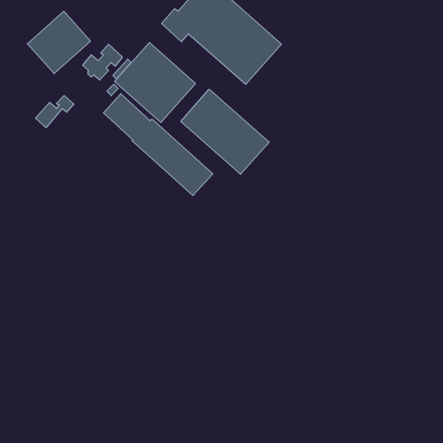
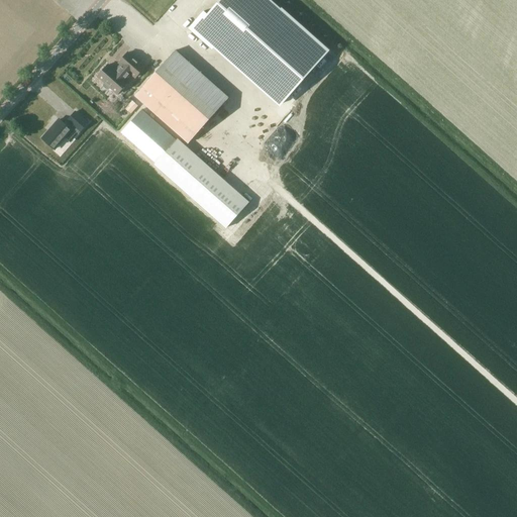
building: [27,11,90,74] -> none
building: [181,89,269,174] -> none

